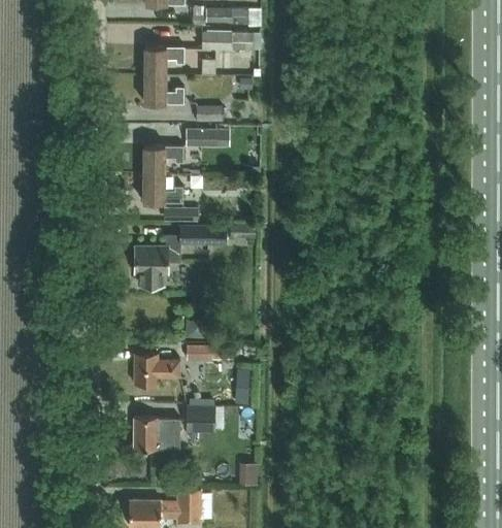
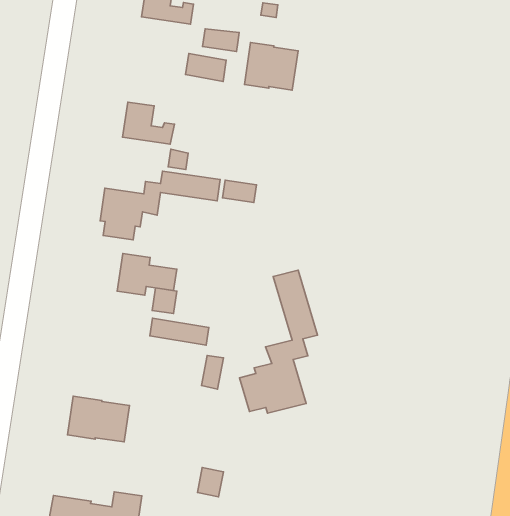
building: none -> [244,42,298,90]
building: [142,145,182,174] -> none
building: none -> [240,270,318,413]
building: [134,354,179,385] -> [117,254,177,295]
building: [187,406,215,432] -> none

